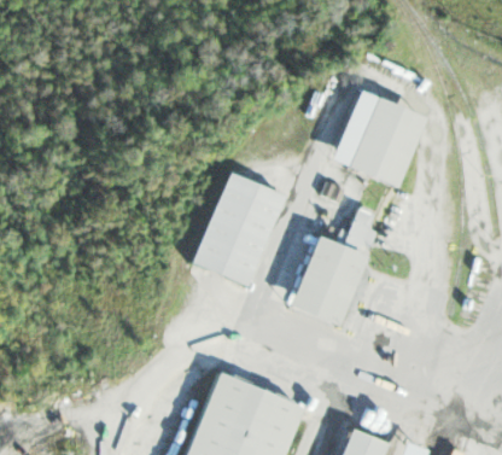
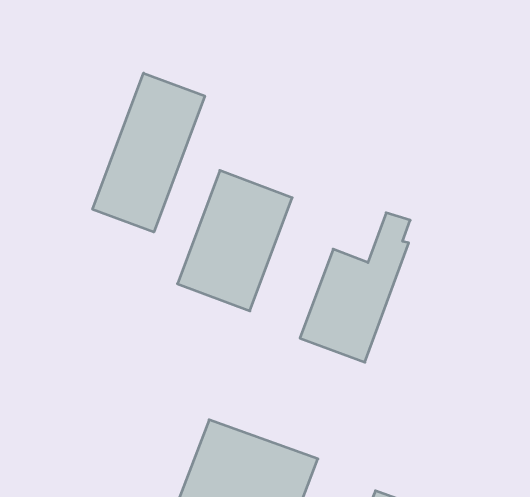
building: [332,92,425,188] -> none
building: none -> [93,73,205,232]

